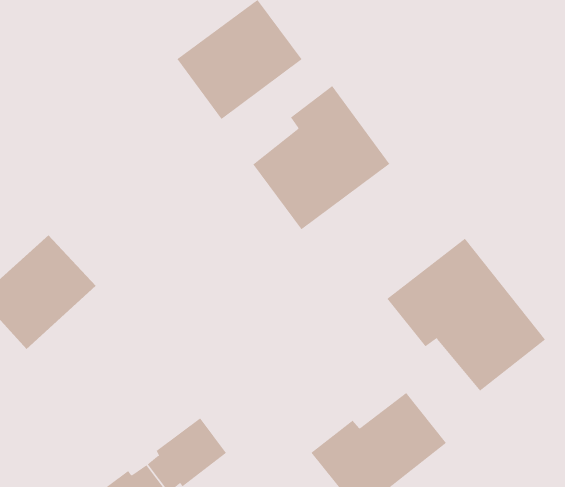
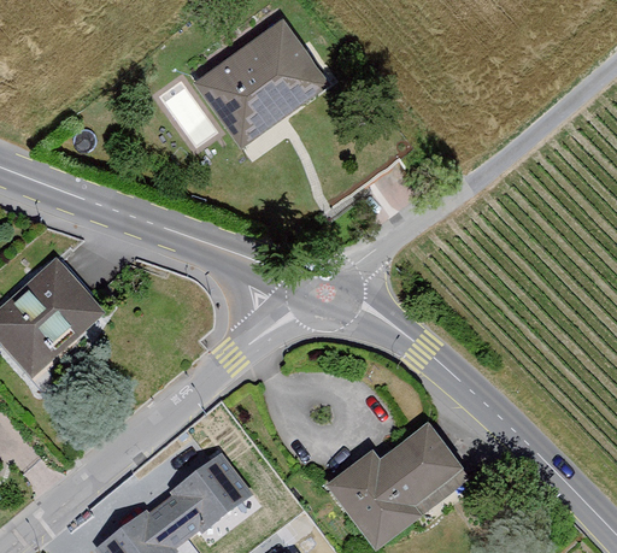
building: [252,85,390,230] -> none
building: [387,238,546,391] -> none

